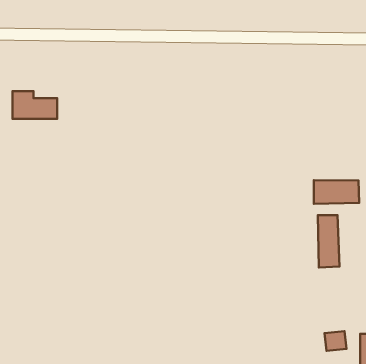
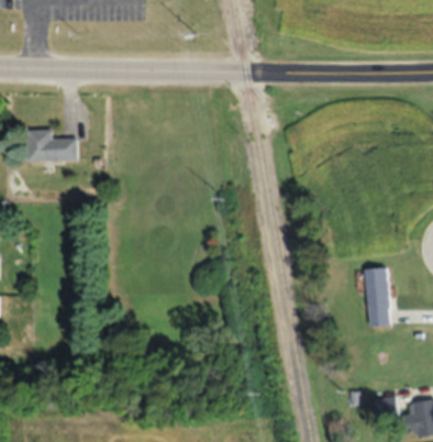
building: [314,180,359,204] -> none

